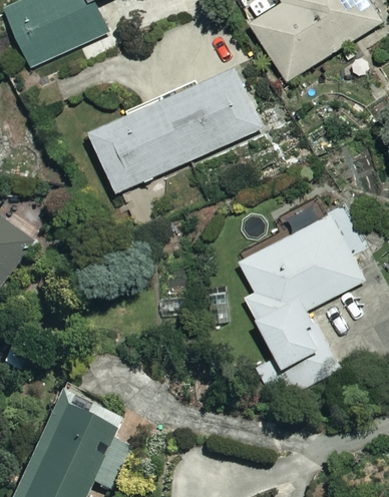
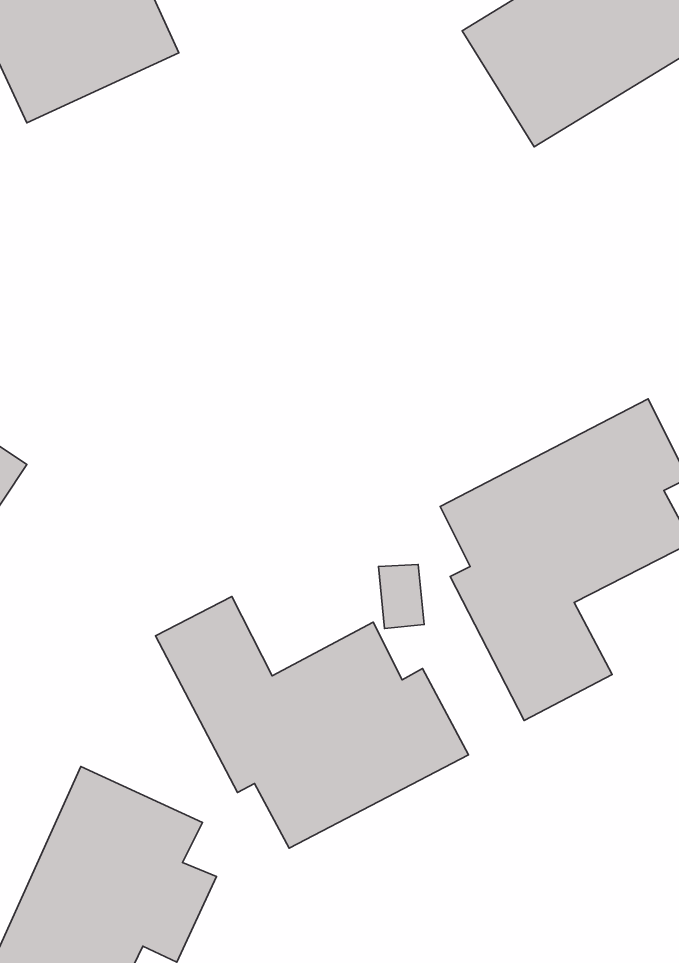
building: [89,67,262,192] -> none
building: none -> [156,597,469,848]

